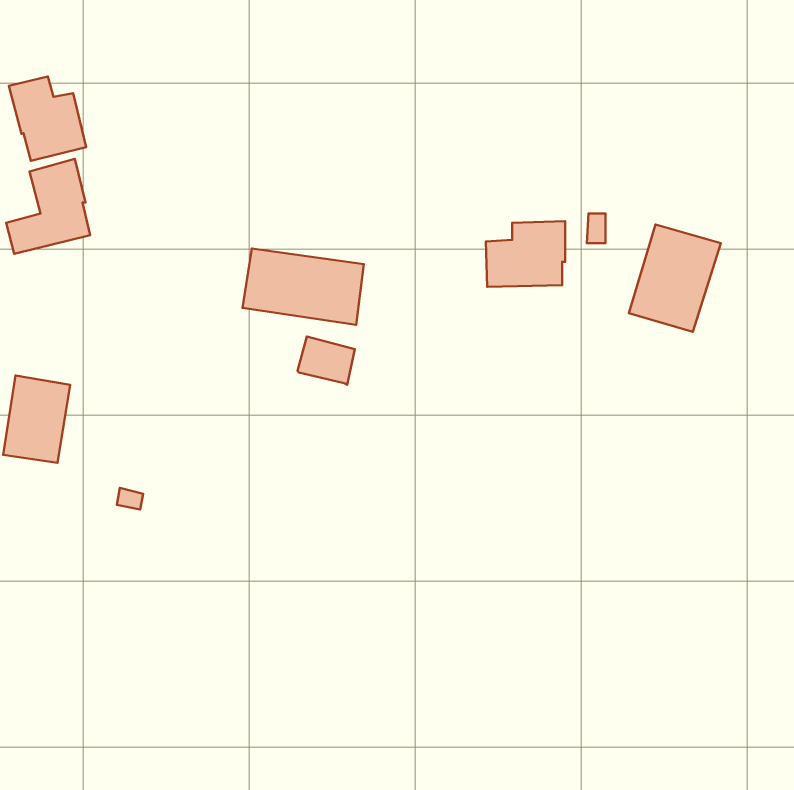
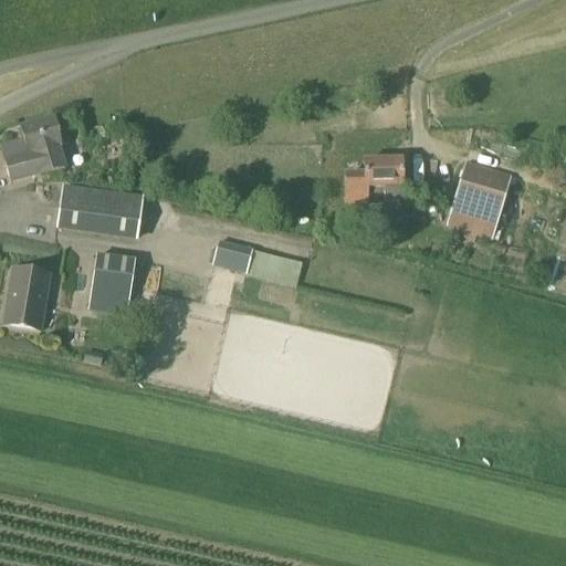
building: [9,77,86,161] -> none
building: [242,249,364,325] -> [57,182,144,237]
building: none -> [88,253,135,313]

